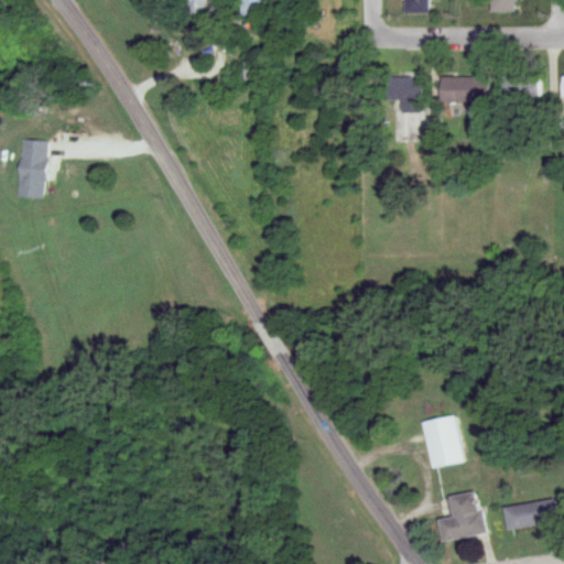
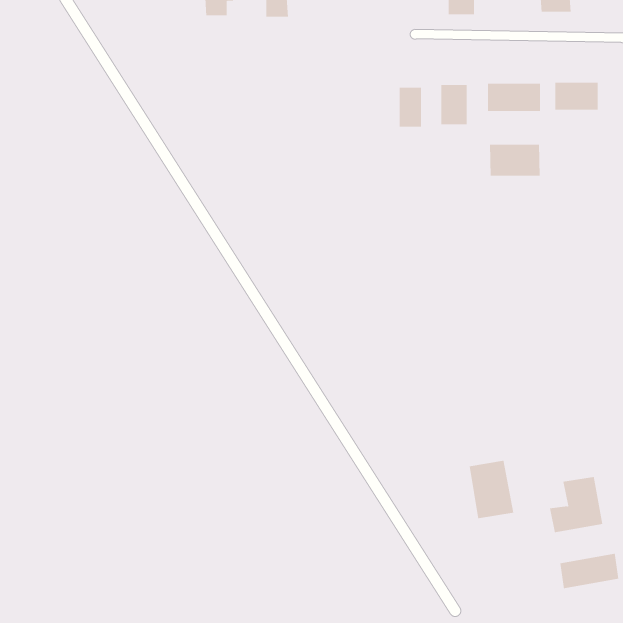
building: none -> [399,87,422,127]
building: none -> [490,144,540,177]
building: [18,138,45,196] -> none
building: [436,490,485,541] -> [549,476,603,533]

